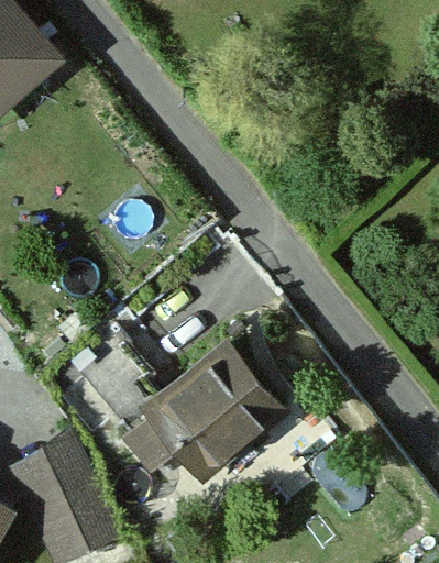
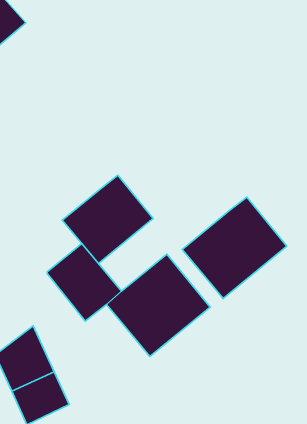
building: none -> [62,175,153,264]
building: none -> [182,197,287,299]

